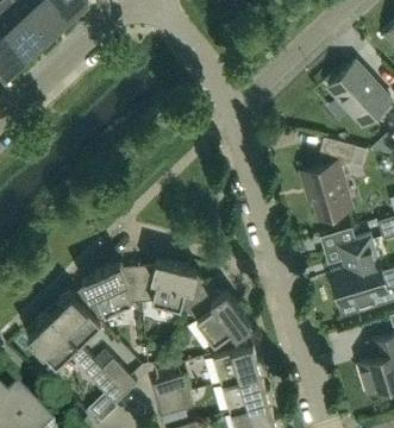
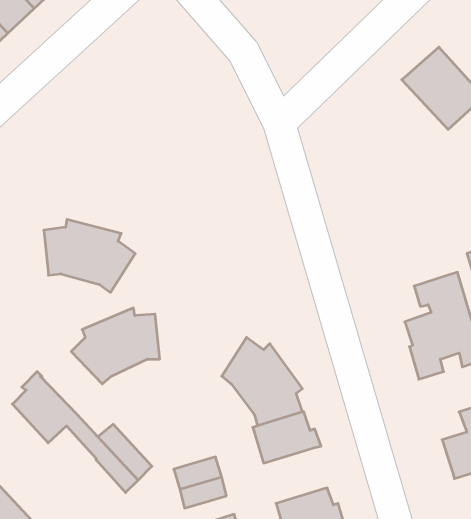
building: [300,139,356,219] -> none
building: [138,259,208,315] -> [44,219,135,292]
building: [50,291,100,345] -> none
building: [221,370,275,413] -> none

